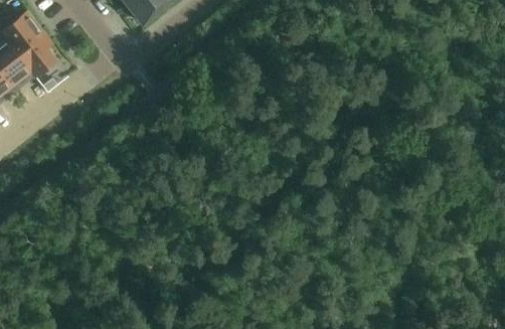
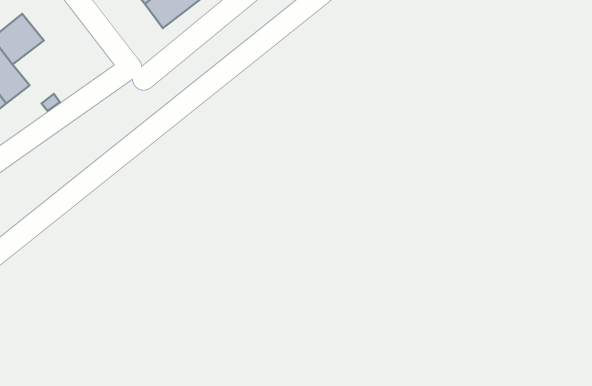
building: [18,34,55,77] -> none

